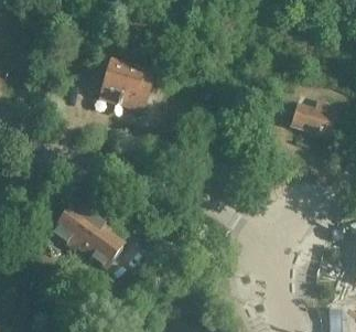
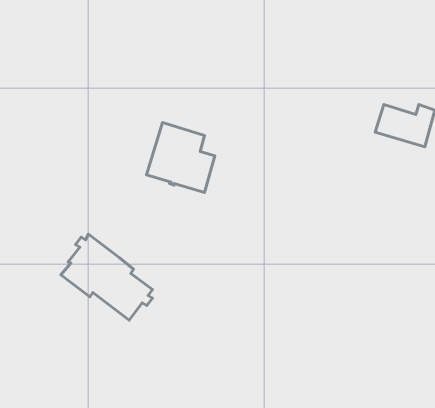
building: [100,55,152,108] -> [146,122,215,192]

